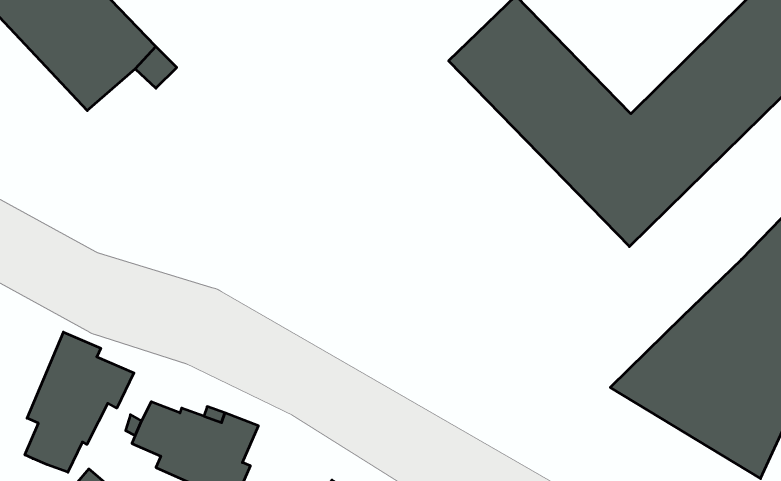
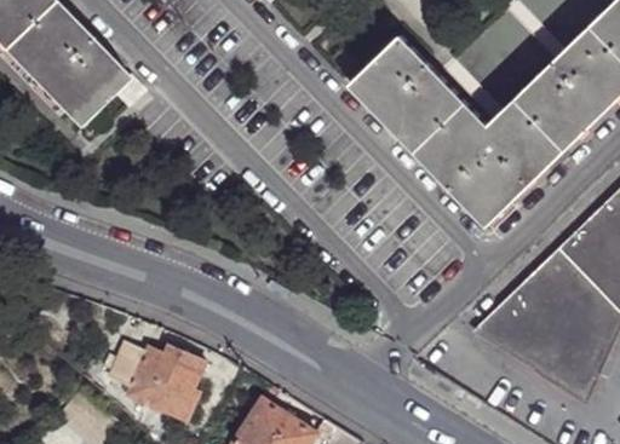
building: [25,332,134,472] -> none

